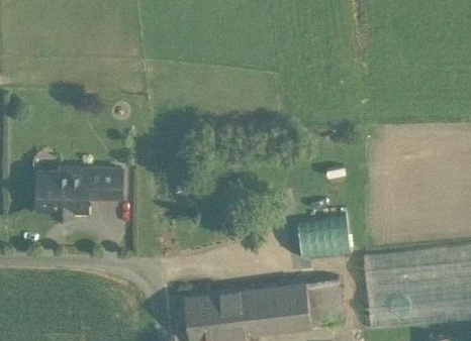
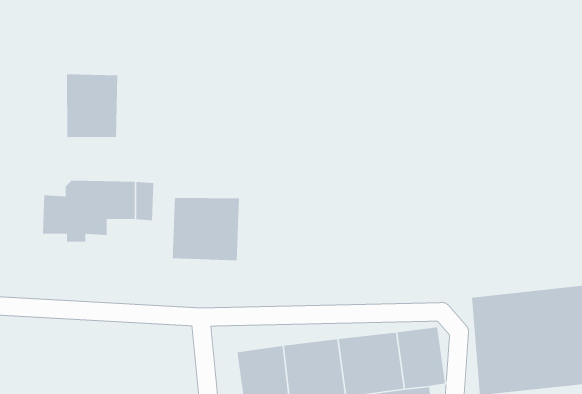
building: none -> [66,73,118,138]
building: none -> [172,197,240,261]
building: [297,224,350,259] -> none

